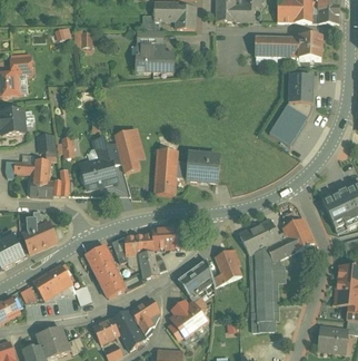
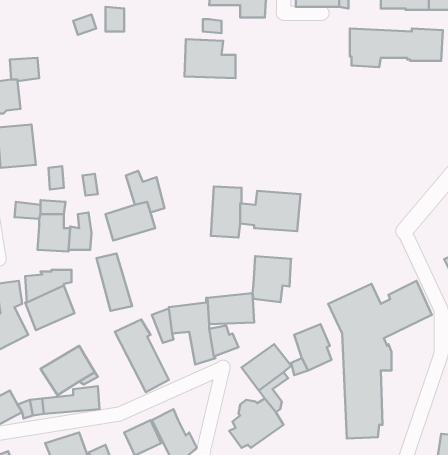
building: [268,74,312,145] -> none
building: [115,129,140,170] -> [97,254,132,311]
building: none -> [252,256,291,302]
building: [130,296,159,333] -> none

